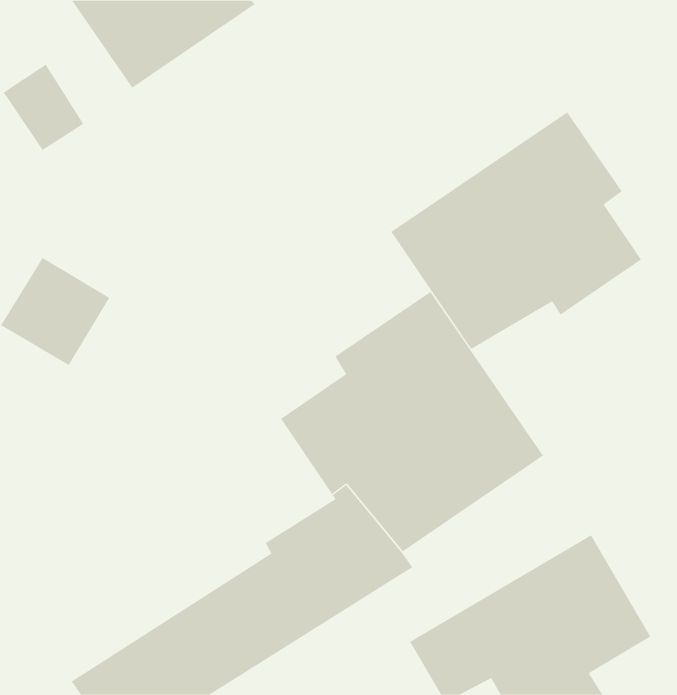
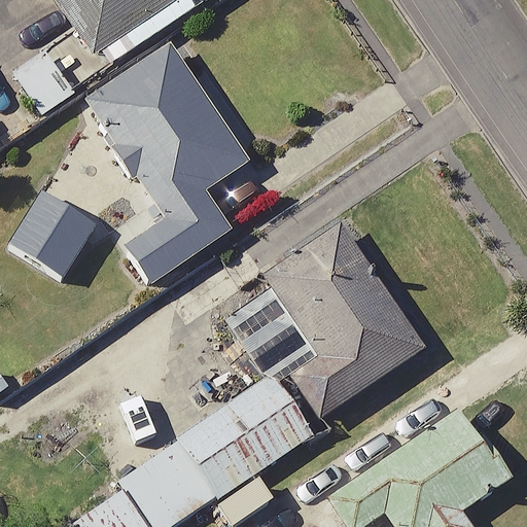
building: none -> [87,45,245,282]
building: [391,111,642,350] -> none

